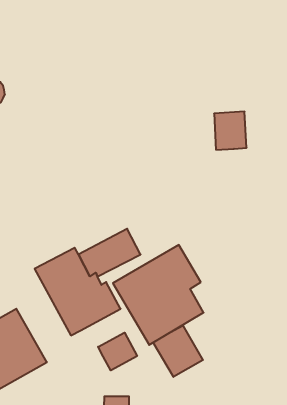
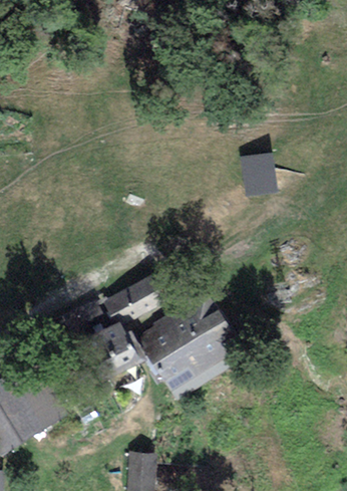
building: [153,326,203,377] -> none
building: [98,333,137,370] -> none

